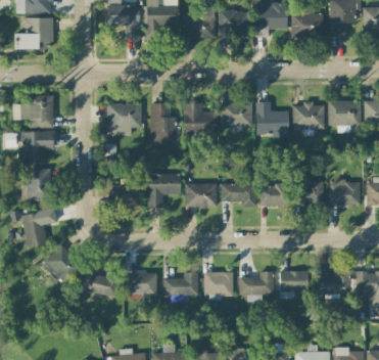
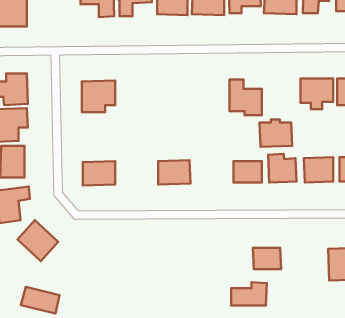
building: [220,102,252,127] -> none
building: [291,102,324,130] -> [260,119,292,147]
building: [150,103,176,143] -> none
building: [183,104,216,136] -> none
building: [147,174,180,208] -> none
building: [220,184,255,207] -> none
building: [319,270,349,296] -> none
building: [81,271,120,298] -> [21,287,59,313]
building: [238,271,274,295] -> [231,282,267,306]
building: [162,272,198,296] -> none
building: [203,272,233,296] -> none
building: [127,273,156,295] -> none

